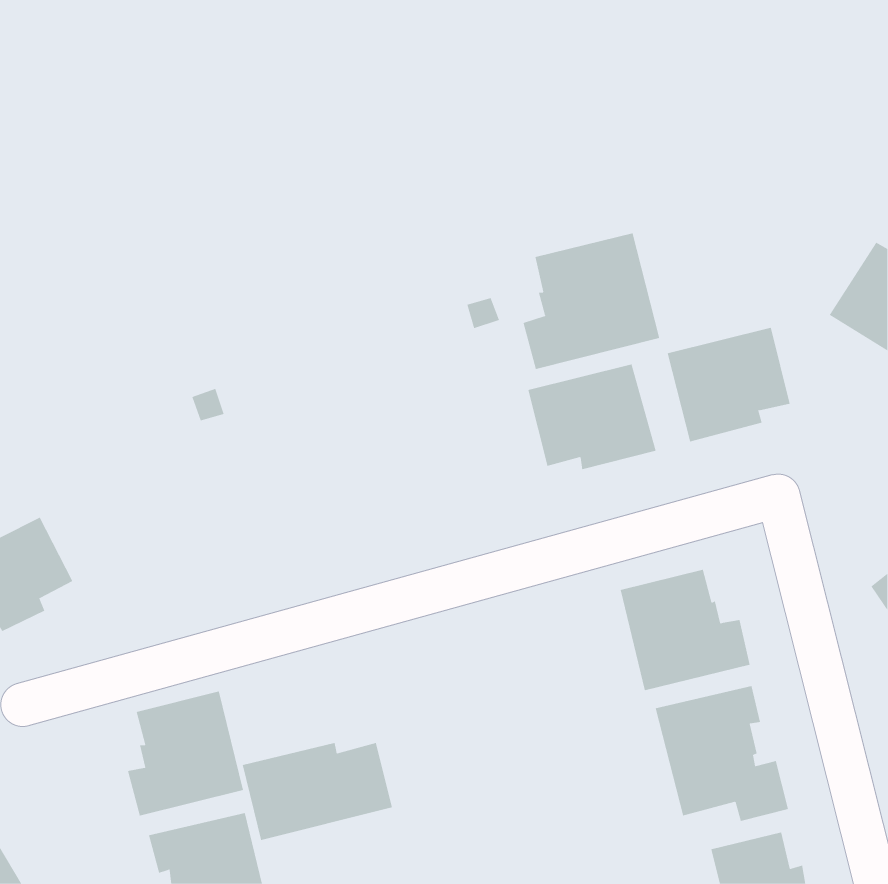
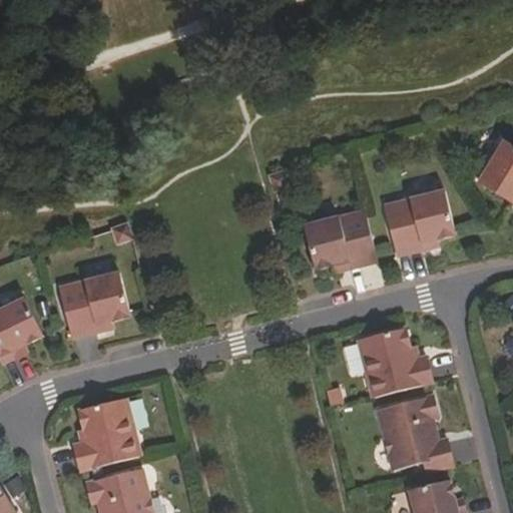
building: [523,232,660,370] -> none
building: none -> [57,273,129,340]
building: [242,742,393,841] -> none

